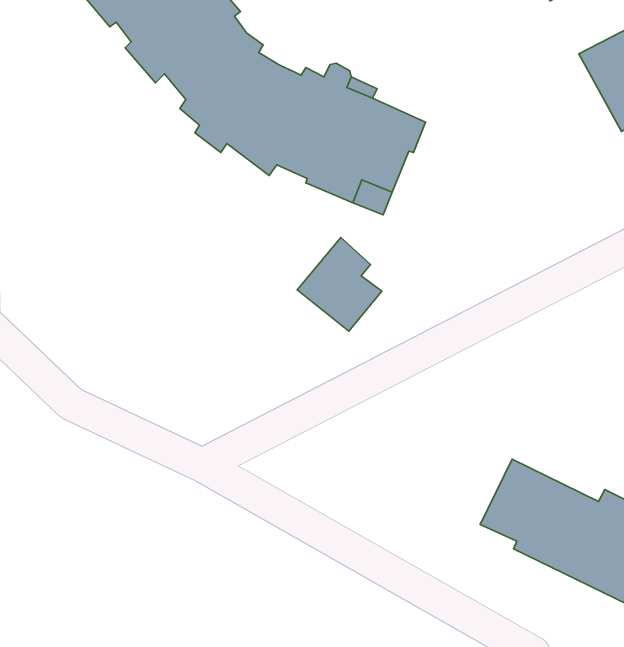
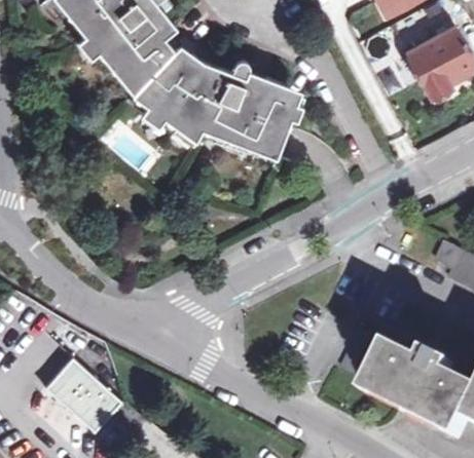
building: [297,237,382,331] -> none
building: none -> [47,358,121,430]

